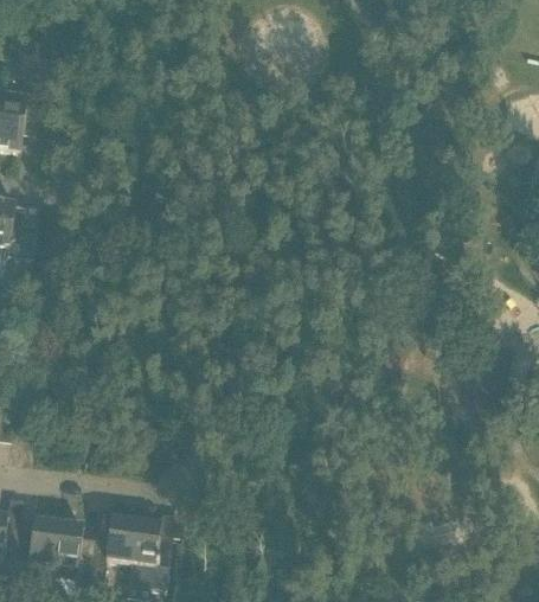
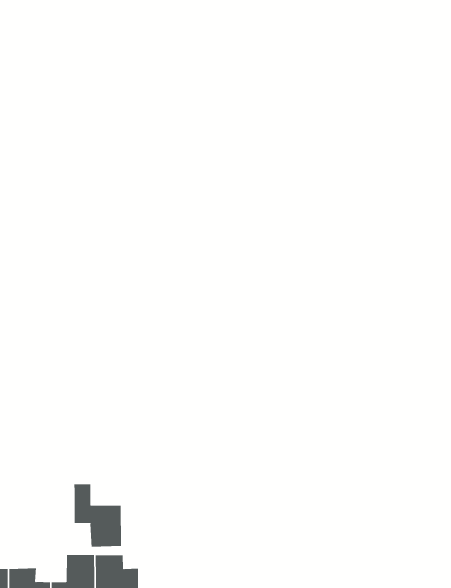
building: none -> [74,484,121,547]

